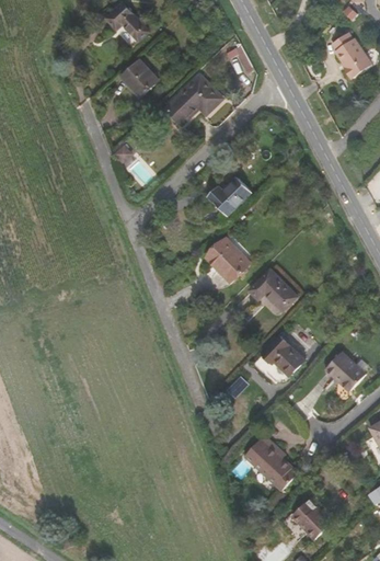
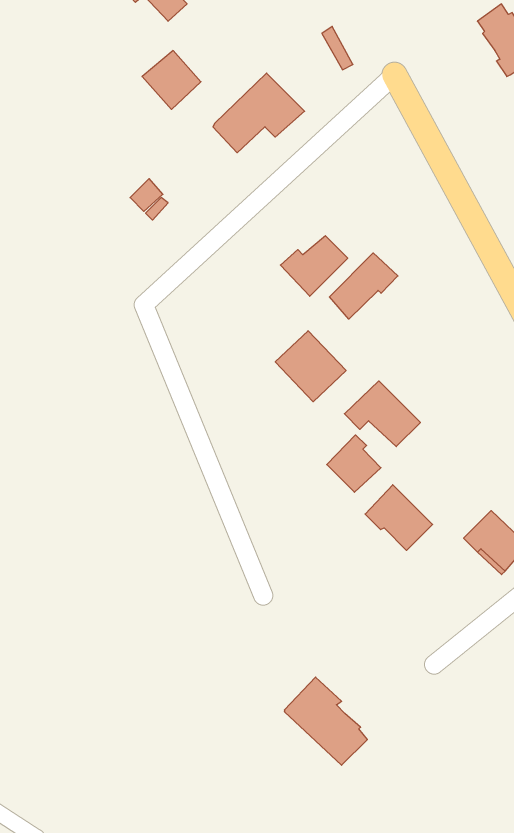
building: none -> [329,253,398,319]
building: none -> [327,435,381,492]
building: [244,435,297,491] -> [284,677,367,765]
building: [291,499,332,539] -> none

